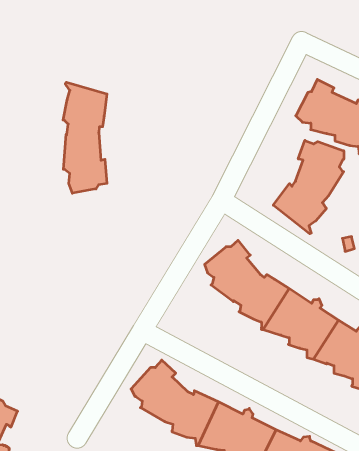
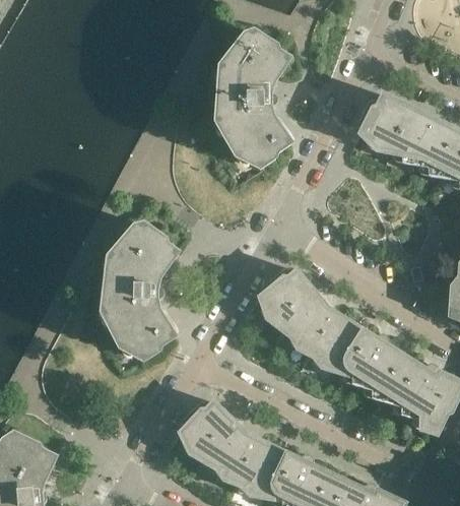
building: none -> [216,33,293,169]
building: [63,82,107,193] -> none
building: [273,140,344,234] -> none
building: none -> [103,224,179,360]

